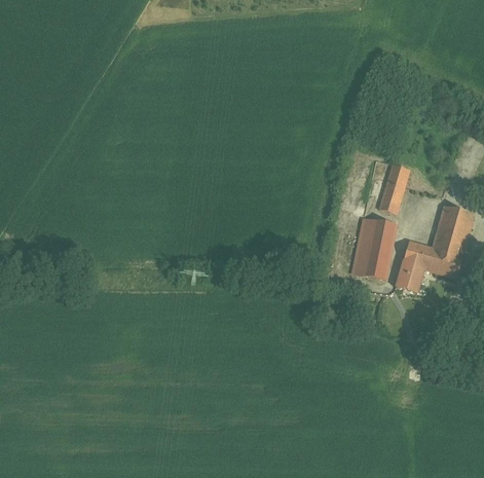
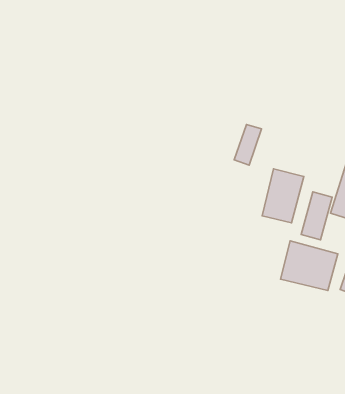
building: [379,162,411,210] -> [234,124,262,165]
building: none -> [280,241,338,290]

